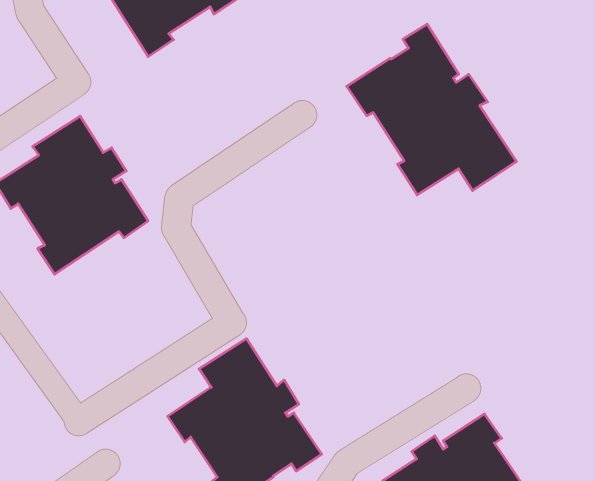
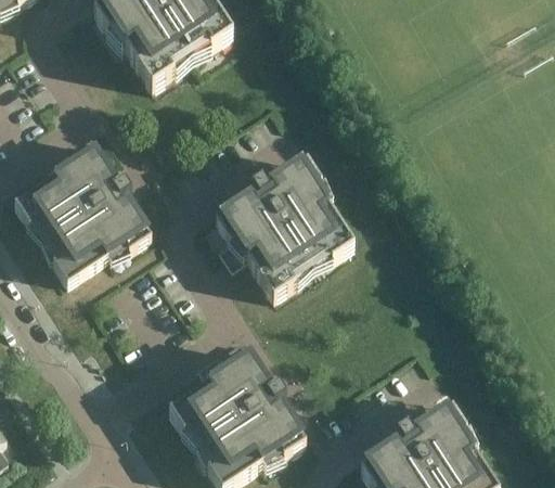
building: [347,24,516,195] -> none
building: none -> [204,160,353,297]

